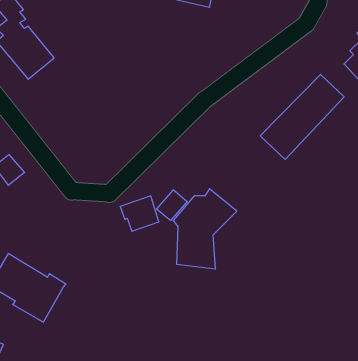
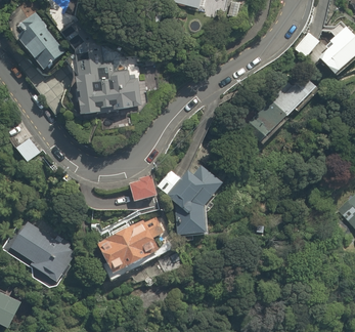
building: none -> [60,17,141,115]
building: none -> [97,214,164,273]

